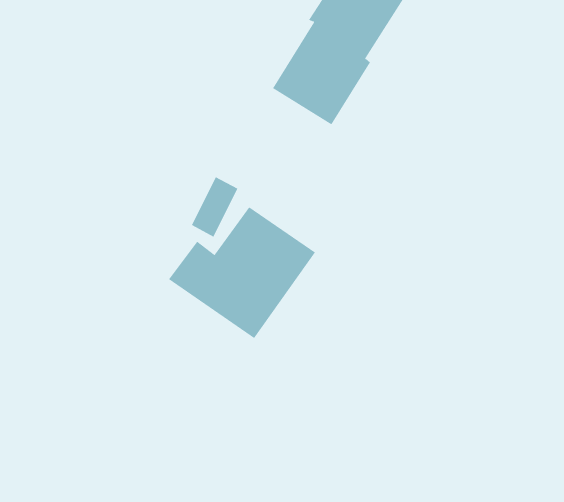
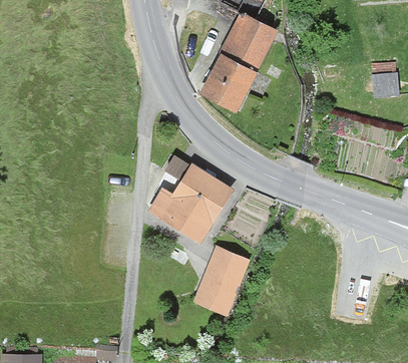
building: none -> [192,248,244,315]

